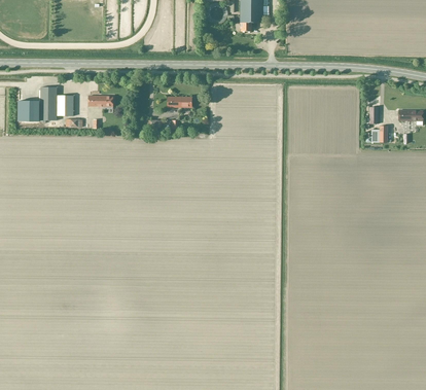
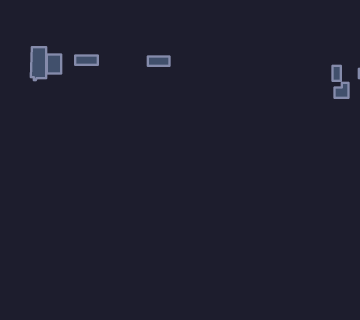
building: [17,101,38,121] -> none

